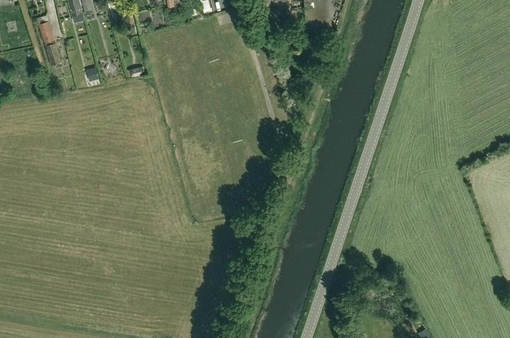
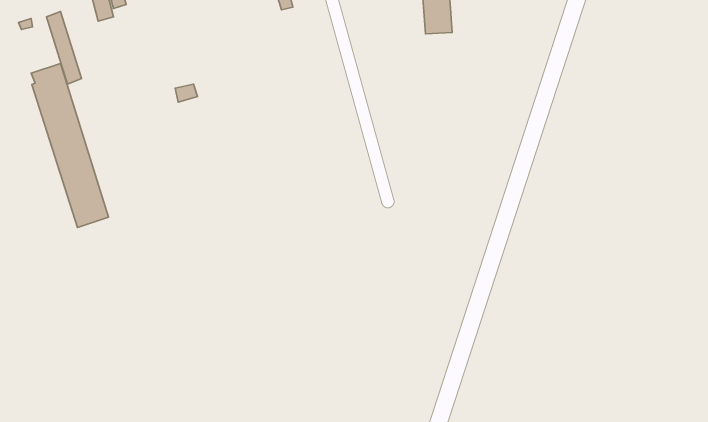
building: none -> [31,64,109,228]

